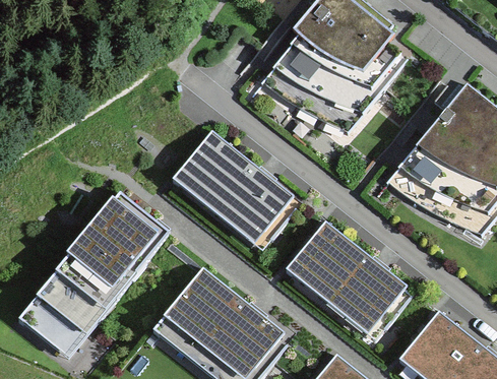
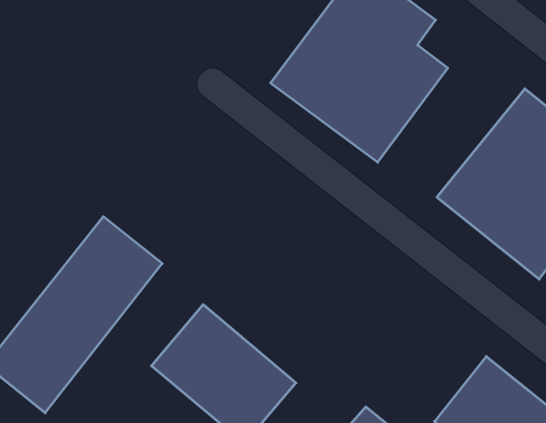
building: [170,130,292,246] -> none
building: [283,219,403,336] -> none

